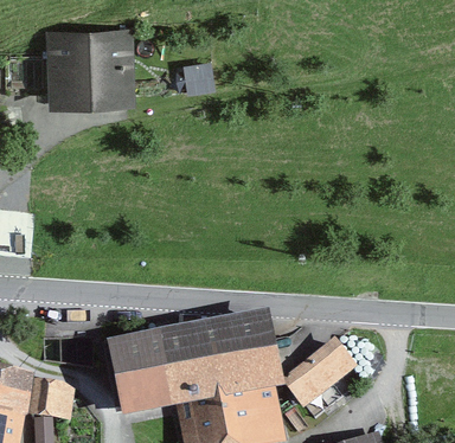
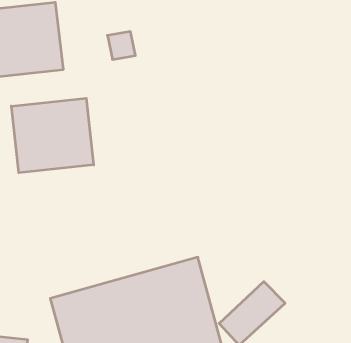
building: none -> [11,98,94,173]

